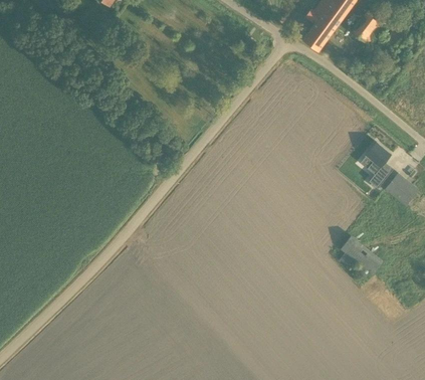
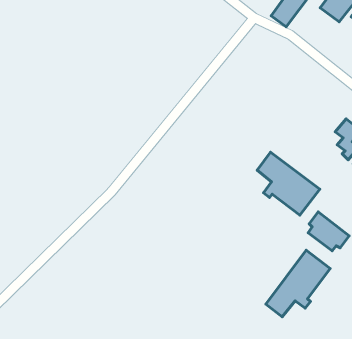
building: none -> [257,152,320,215]
building: none -> [266,250,330,317]

